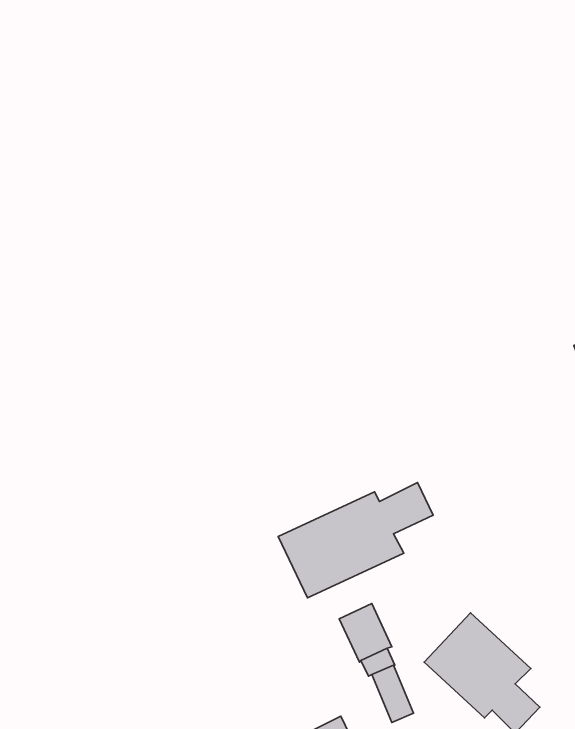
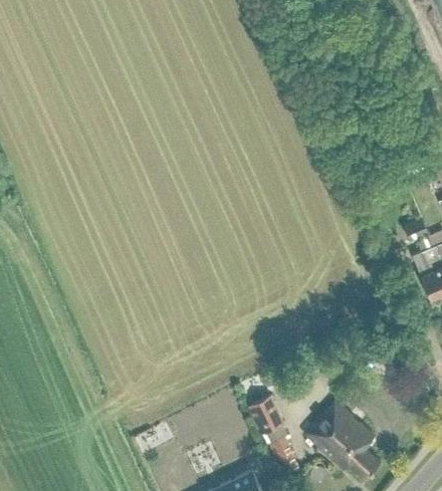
building: [278,482,433,598] -> none

